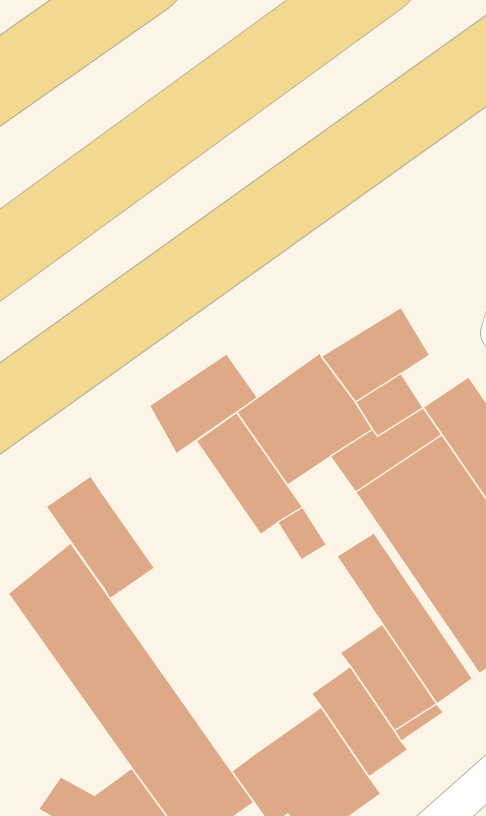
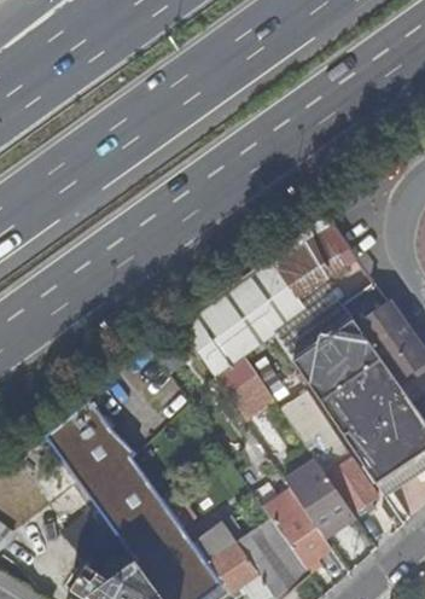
building: [149,354,257,454] -> none
building: [46,476,155,599] -> none

